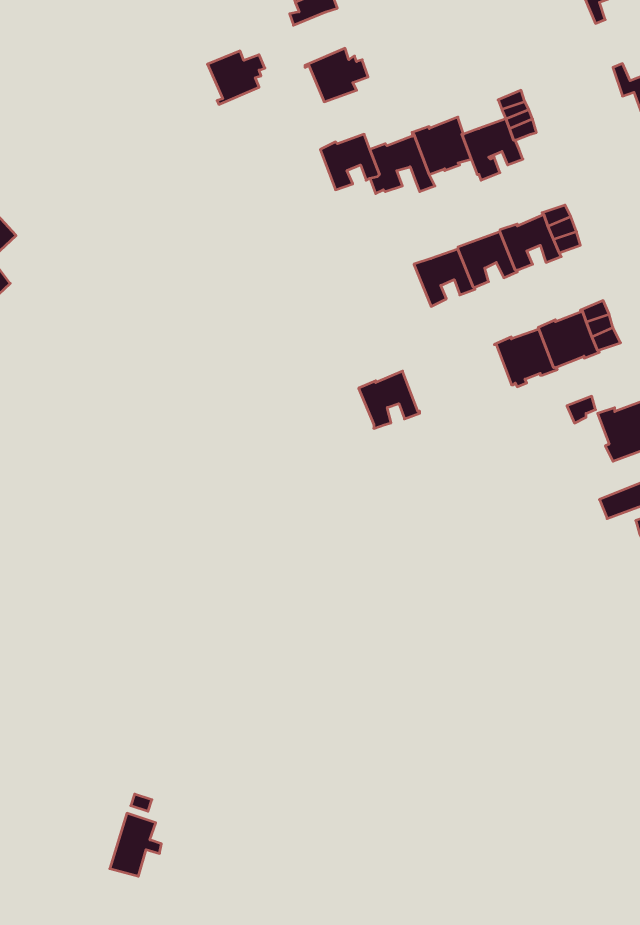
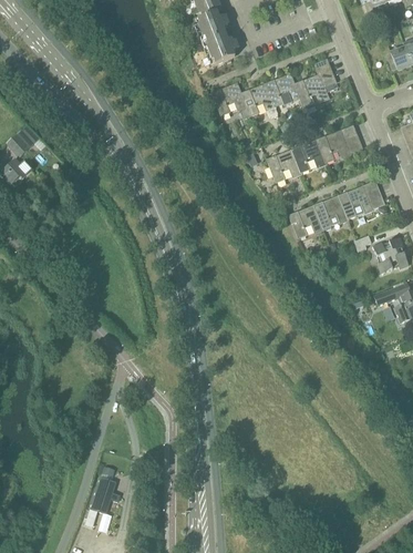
building: [207,51,265,104] -> [196,11,229,42]
building: [359,371,420,428] -> [288,204,323,237]

